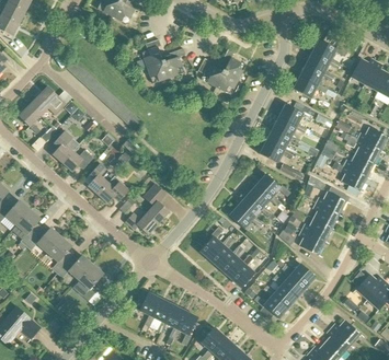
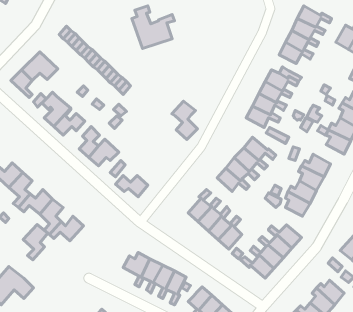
building: [198,47,247,94] -> none
building: [144,183,170,222] -> [172,101,198,139]
building: [79,264,104,300] -> [23,224,48,260]

